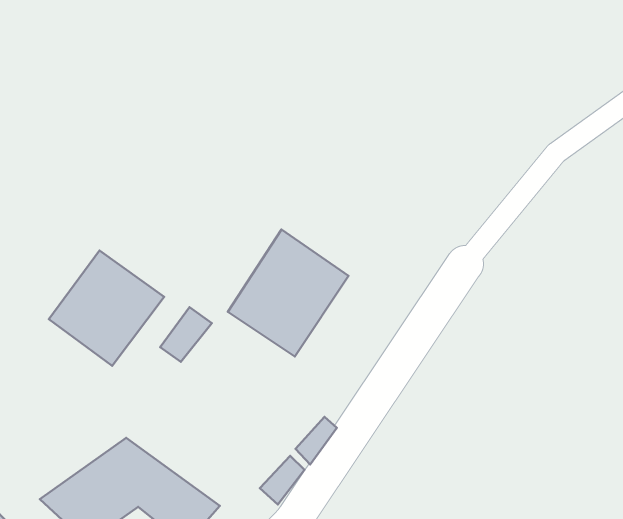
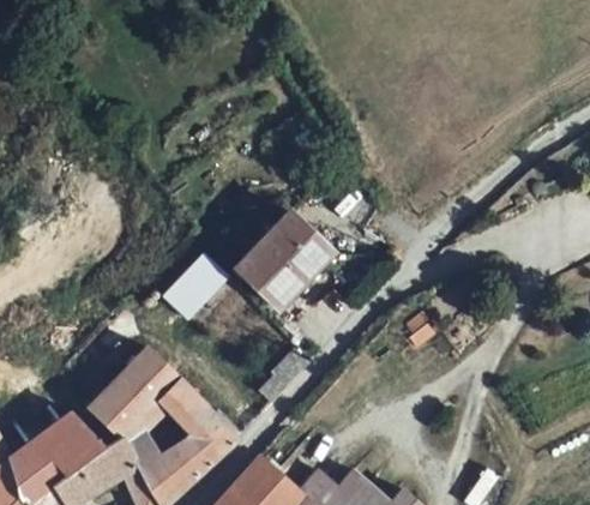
building: [49,251,164,366] -> none

